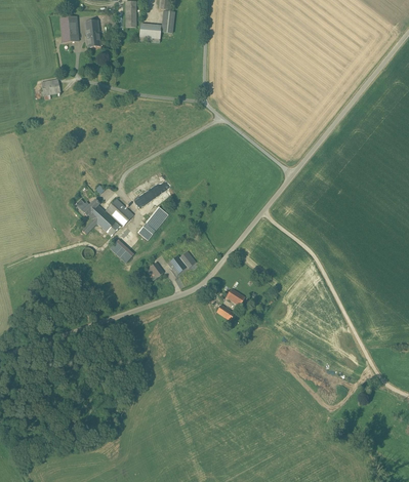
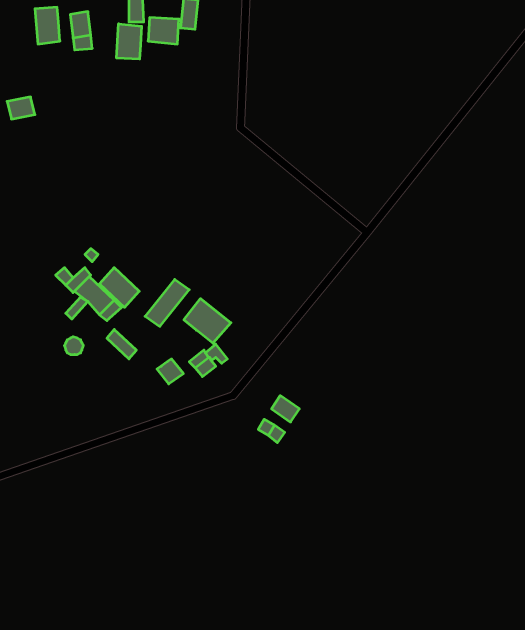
building: none -> [117,24,142,59]
building: none -> [184,299,231,343]

